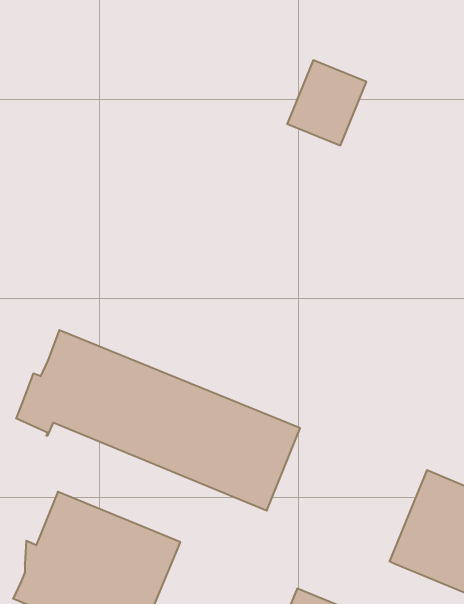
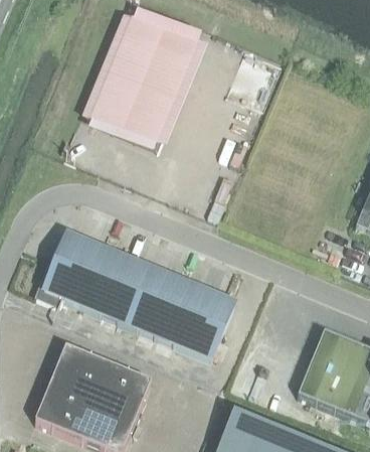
building: none -> [86,16,200,146]

